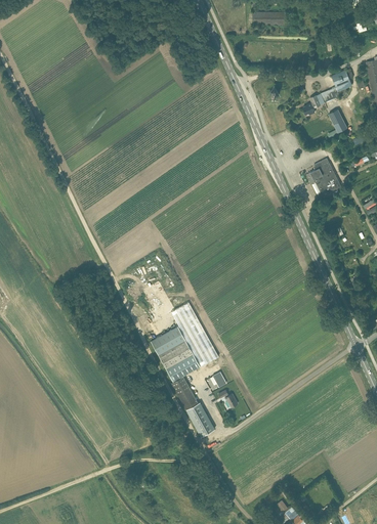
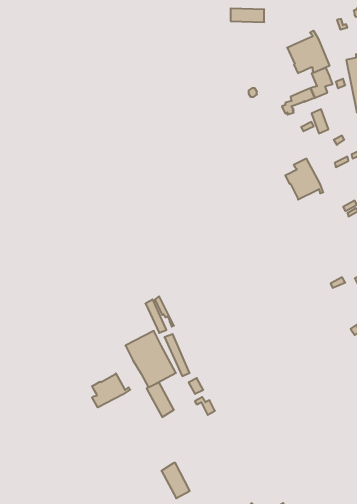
building: none -> [287,31,329,73]
building: none -> [92,373,130,407]
building: [185,401,213,436] -> [161,463,190,498]

